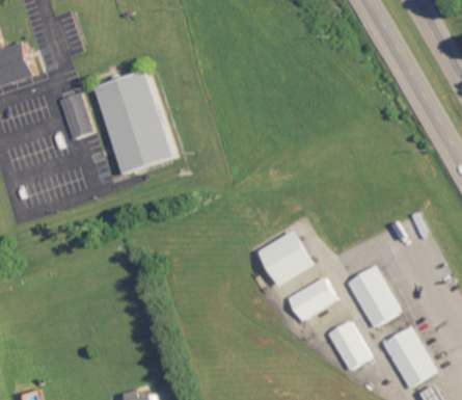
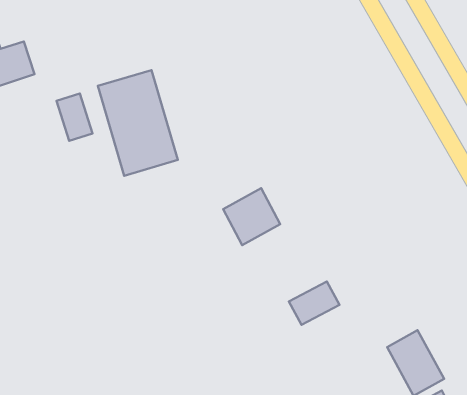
building: [259,230,315,286] -> [223,188,280,245]
building: [346,266,401,328] -> none
building: [325,321,368,371] -> none

